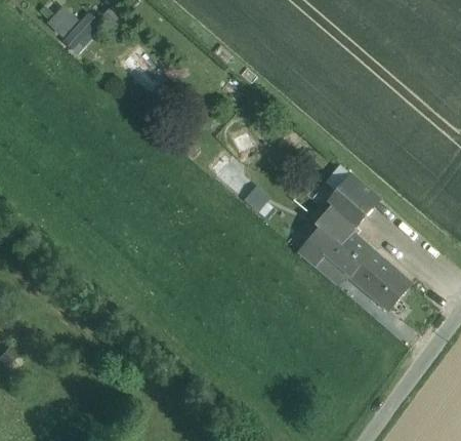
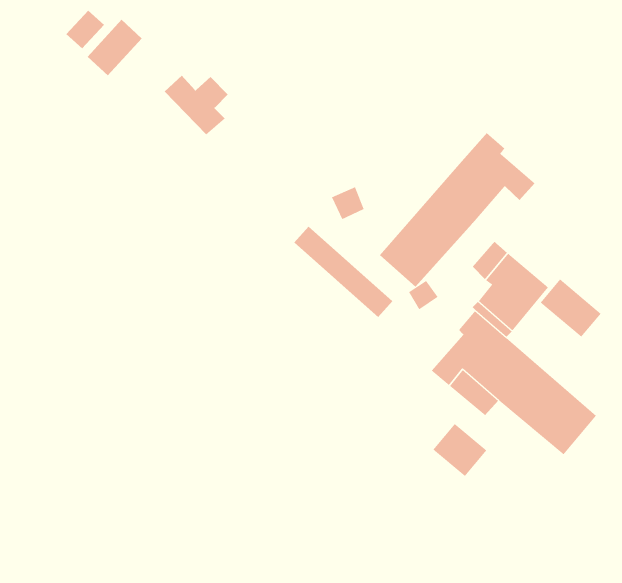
building: none -> [379,132,536,287]
building: none -> [540,279,601,338]
building: none -> [433,423,487,477]

